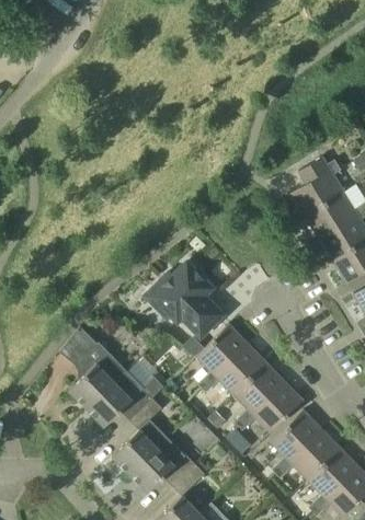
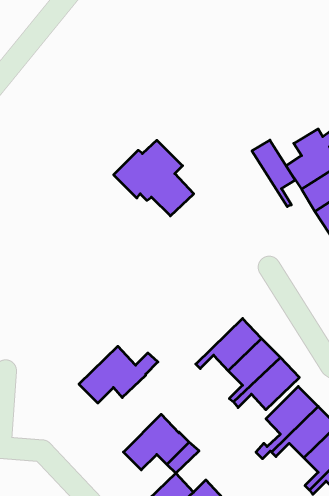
building: none -> [252,140,295,207]
building: [145,263,224,337] -> [114,140,194,216]
building: [196,325,248,389] -> none
building: [61,326,125,408] -> none
building: [112,400,168,475] -> none

